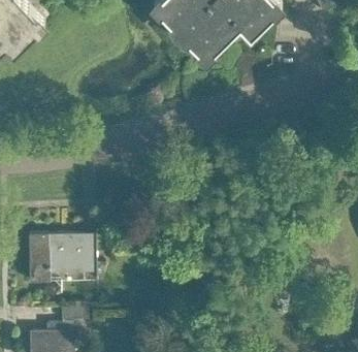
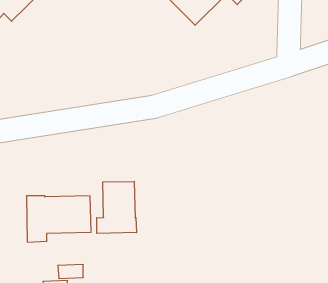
building: none -> [97,181,137,233]

